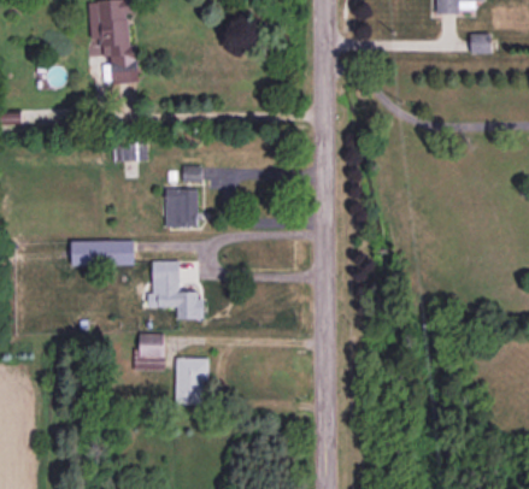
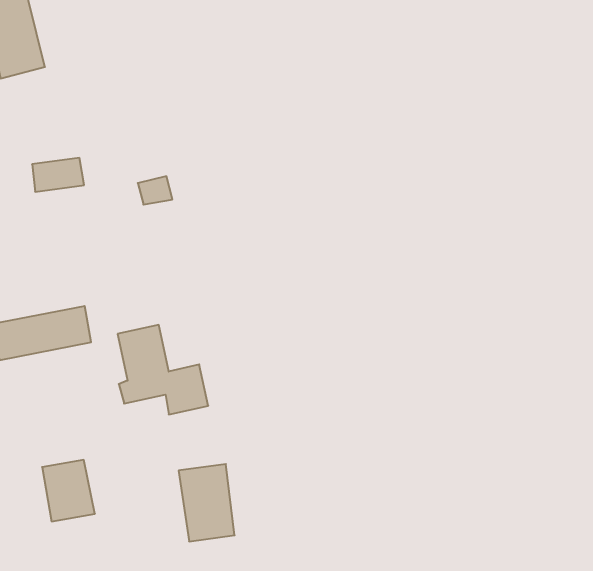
building: [165,188,198,226] -> none
building: [136,334,165,370] -> [42,460,95,521]

